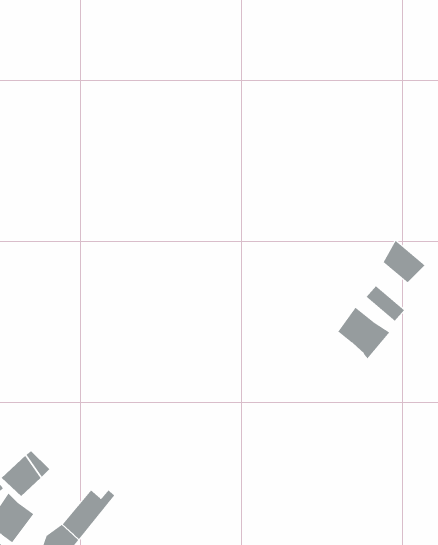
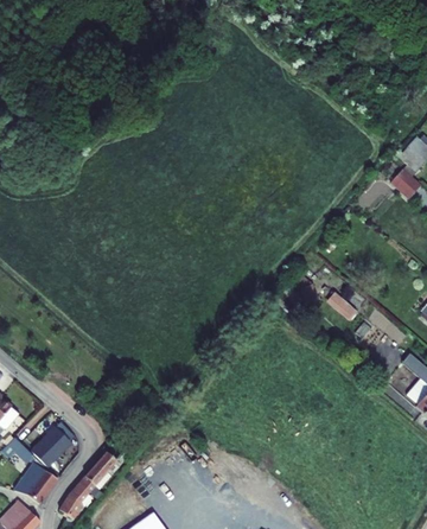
building: [383,240,426,283] -> none
building: [338,307,390,359] -> none

